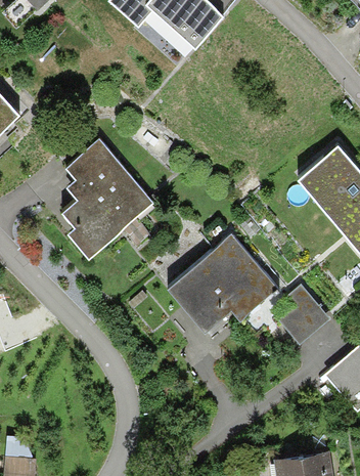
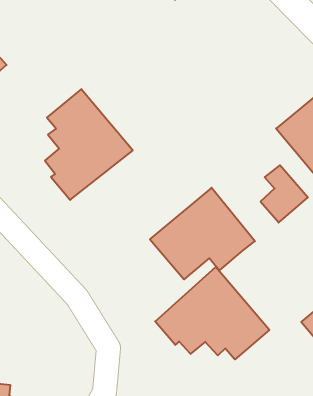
building: [281,286,329,344] -> [261,165,308,223]
building: none -> [155,267,269,359]

